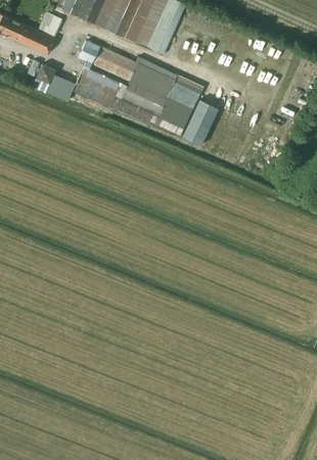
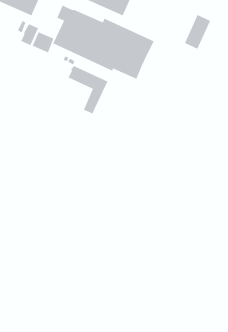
building: [183,100,217,145] -> [184,14,211,50]
building: none -> [68,65,108,114]

